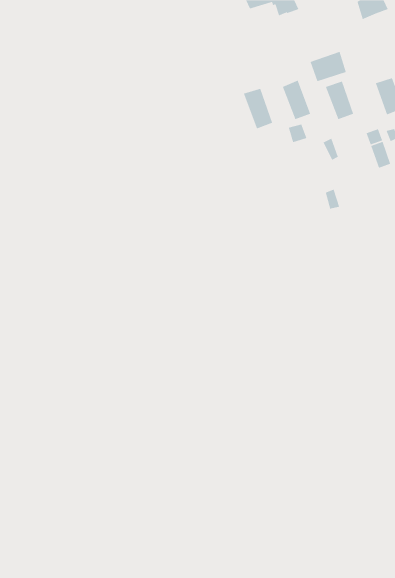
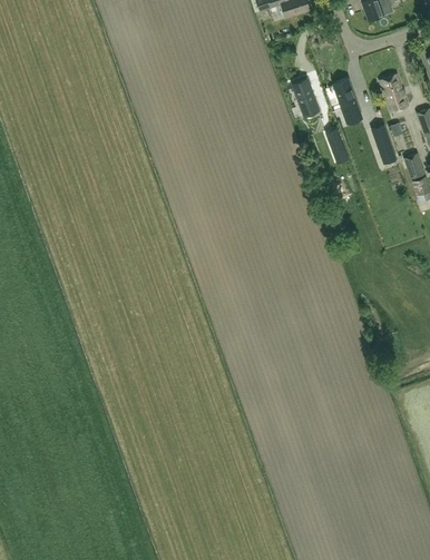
building: [309,51,347,82] -> none
building: [243,88,273,130] -> none

